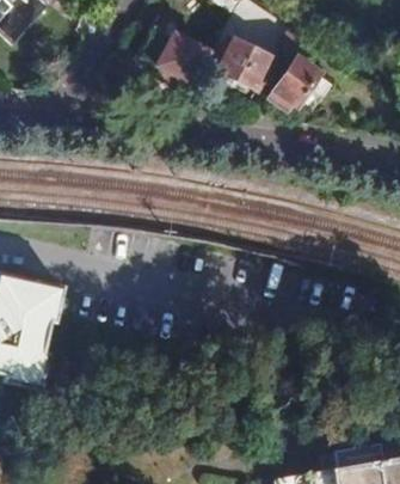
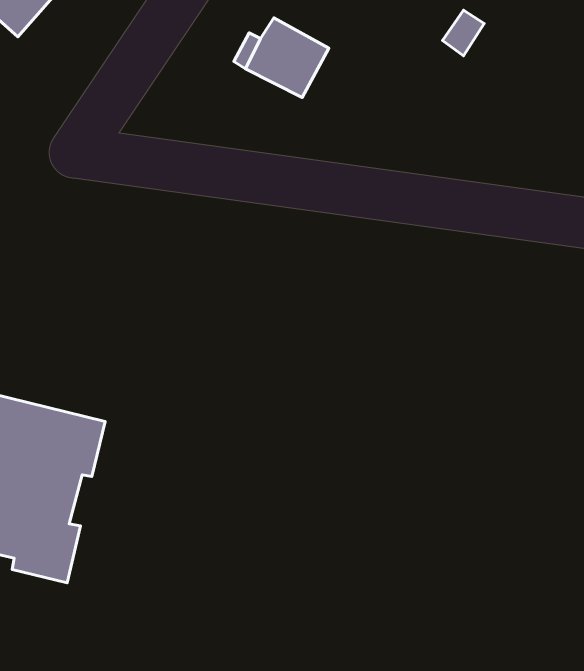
building: [215,38,270,92] -> none
building: [267,57,333,115] -> none

